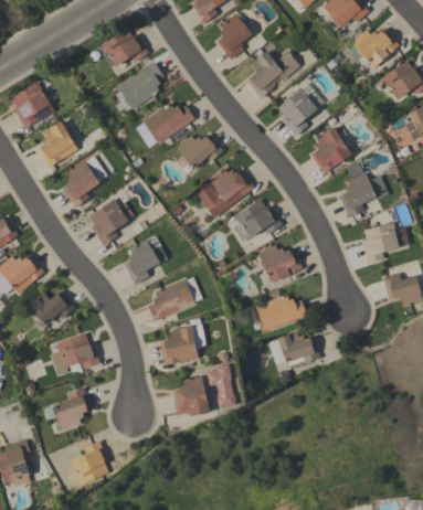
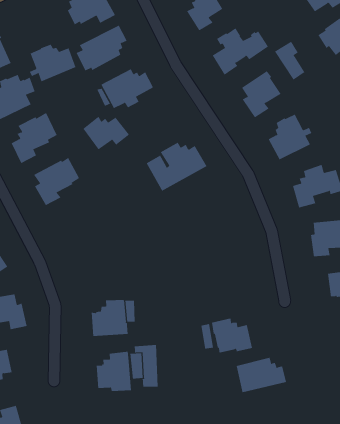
building: none -> [274,41,305,80]
building: none -> [29,44,76,82]
building: [177,134,223,168] -> [82,116,130,150]
building: [233,199,283,241] -> none
building: [124,240,160,284] -> none
building: [257,243,303,283] -> none
building: [148,276,202,321] -> none
building: [255,294,306,331] -> [236,357,287,393]

